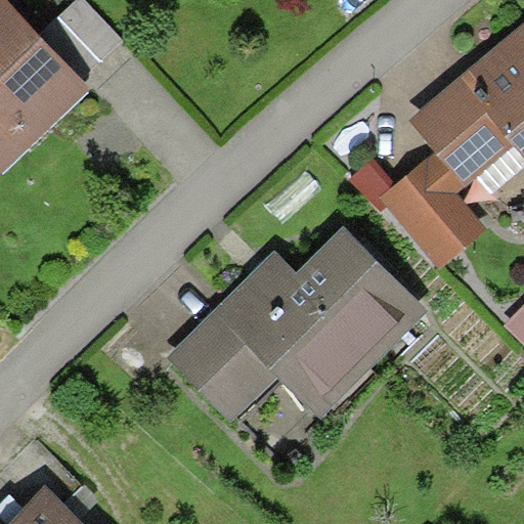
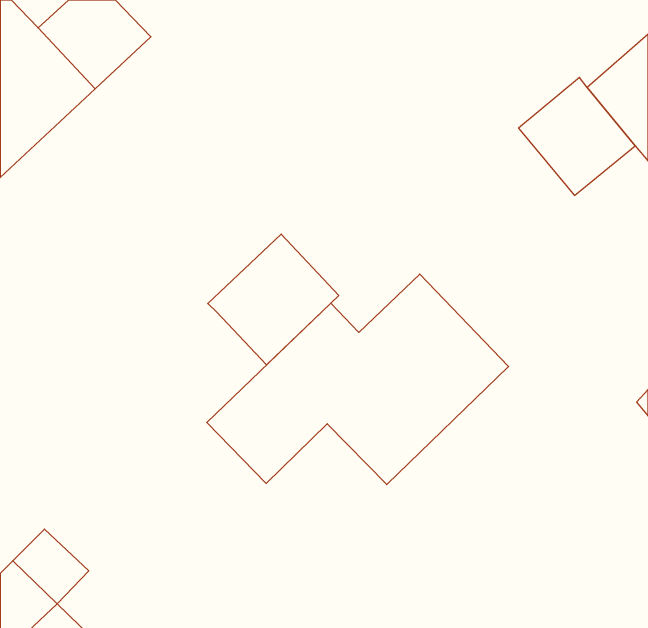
building: [383,168,469,256] -> none
building: none -> [208,234,339,365]

